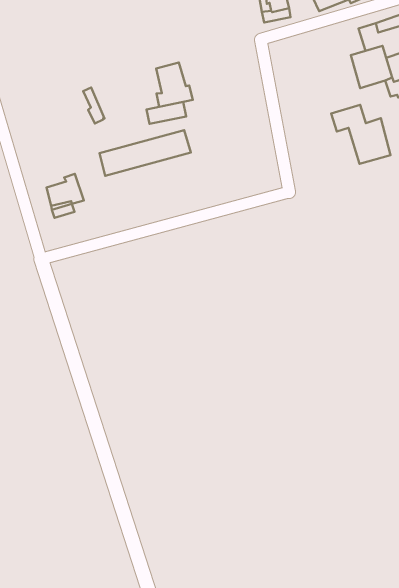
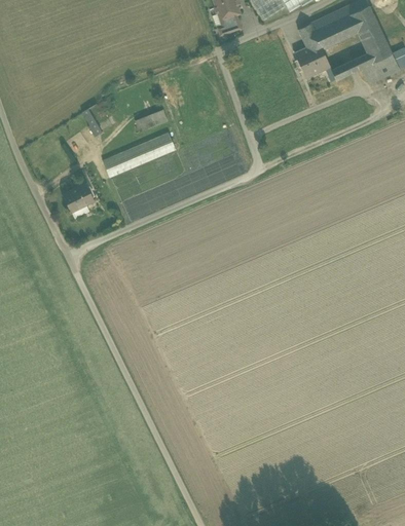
building: [156,62,193,107] -> none
building: [331,105,391,164] -> none

